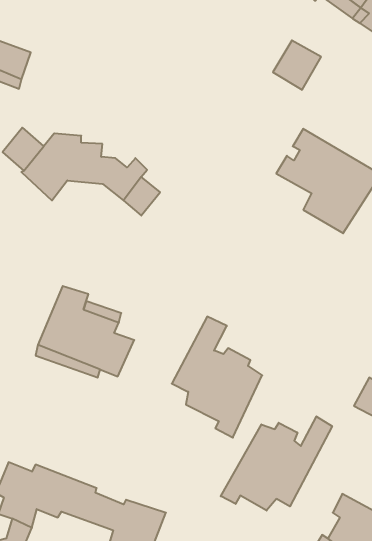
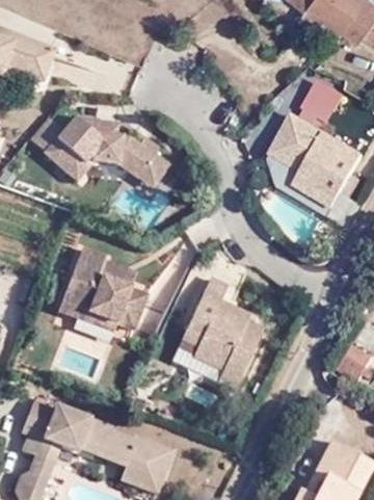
building: [273,40,321,90] -> [299,80,342,124]
building: [221,416,332,511] -> none

